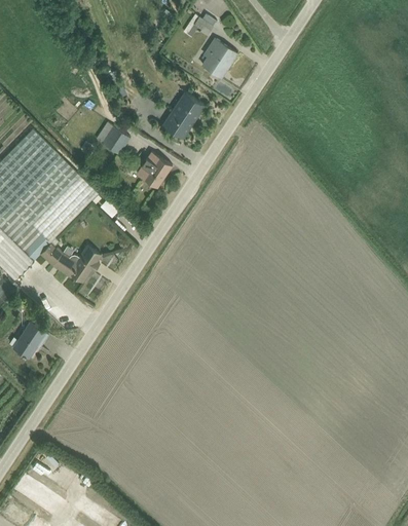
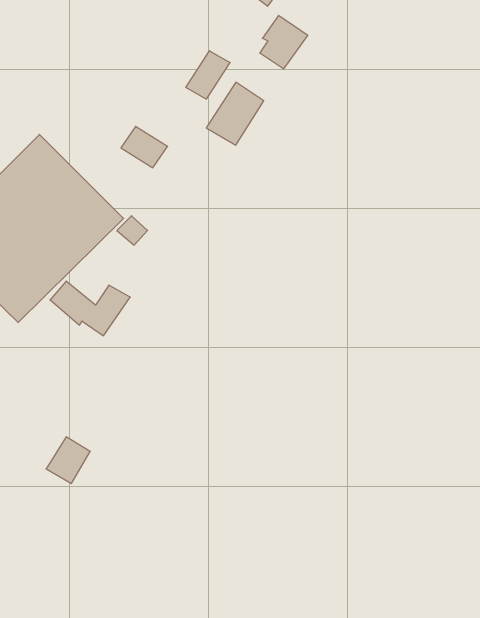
building: none -> [186,51,230,99]
building: [136,152,172,187] -> none
building: [10,322,44,358] -> [46,437,90,483]

